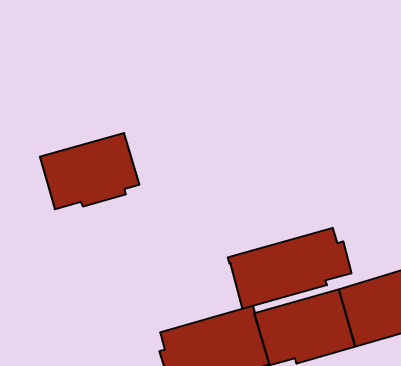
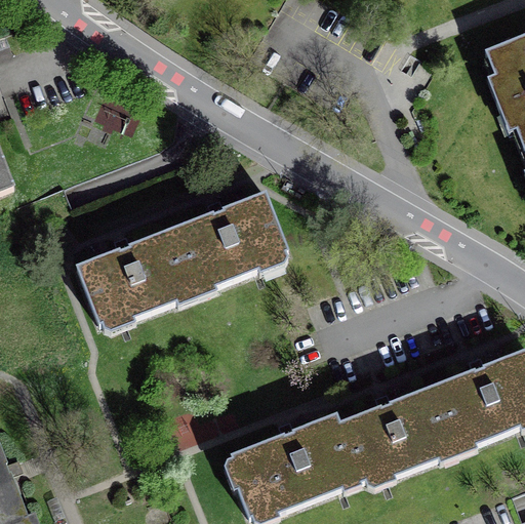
building: none -> [171,193,288,287]
building: [228,228,351,308] -> none

